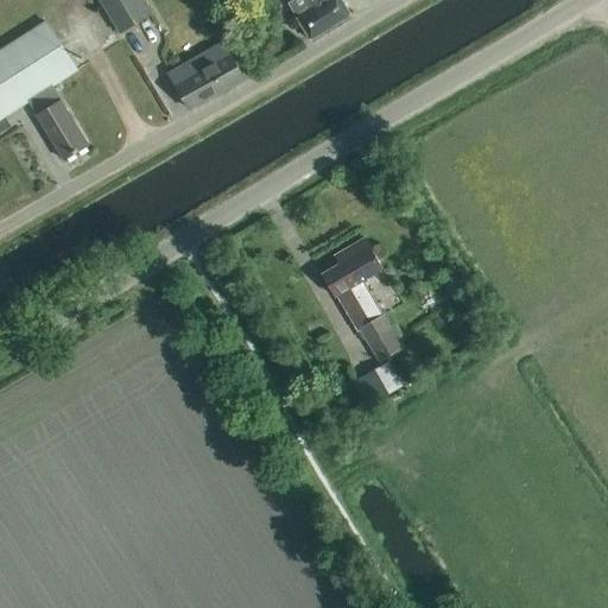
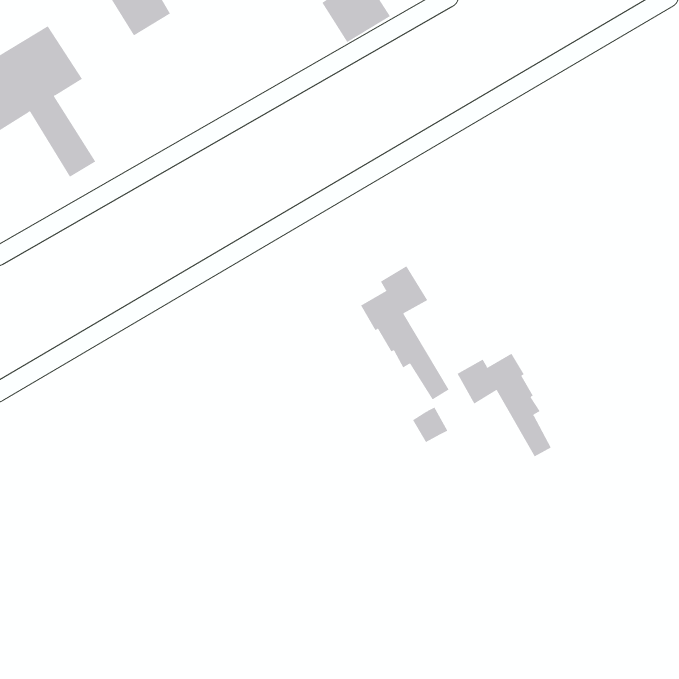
building: [167,43,240,109] -> none
building: none -> [457,353,552,457]

